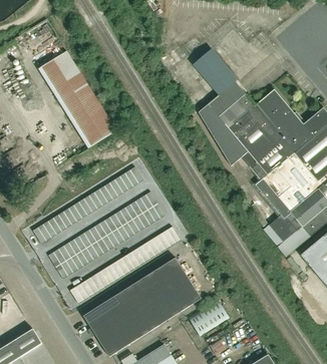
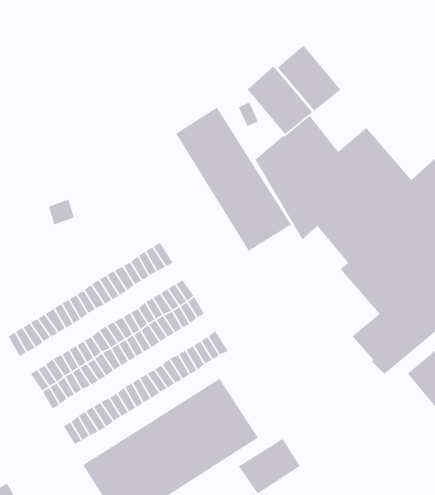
building: none -> [276,45,342,112]
building: [38,50,116,147] -> [175,107,292,252]

